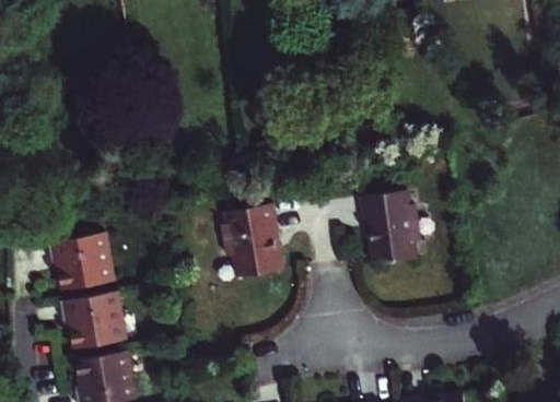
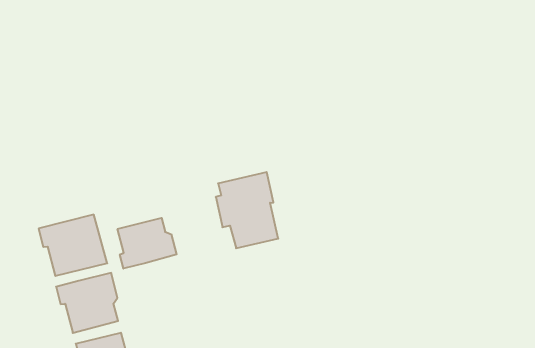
building: [360,190,420,267] -> none
building: none -> [118,218,177,269]

